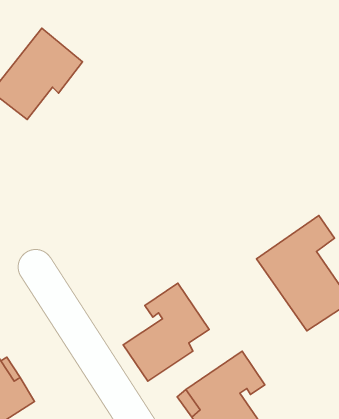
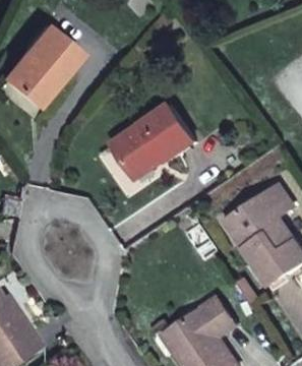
building: none -> [99,106,195,186]
building: [123,283,209,381] -> none

